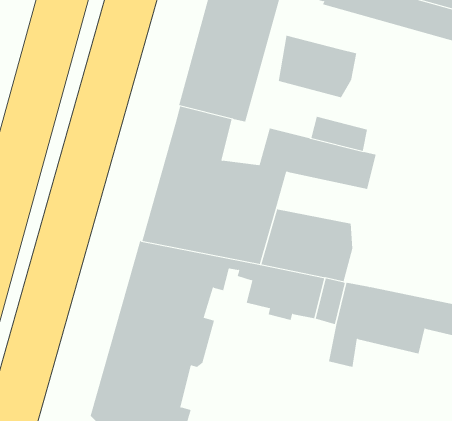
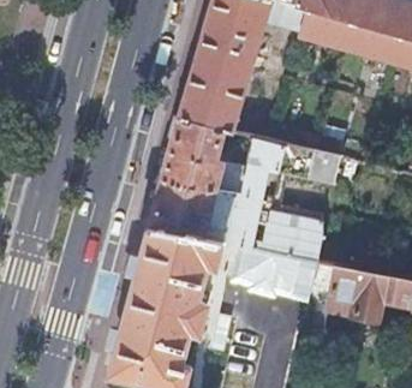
building: [278,35,357,98] -> none

